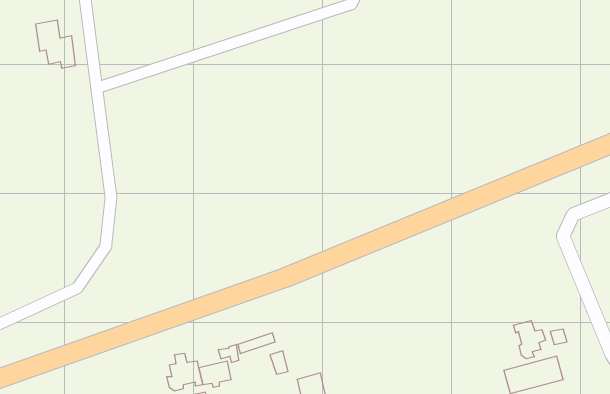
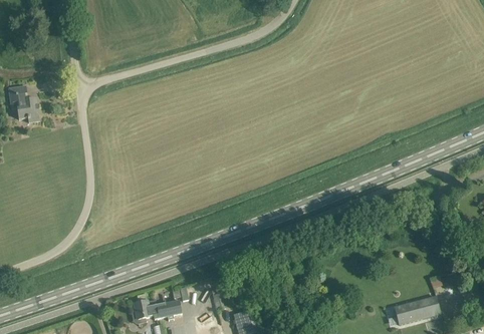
building: [36,20,76,68] -> [8,85,39,122]
building: [513,320,545,359] -> none

